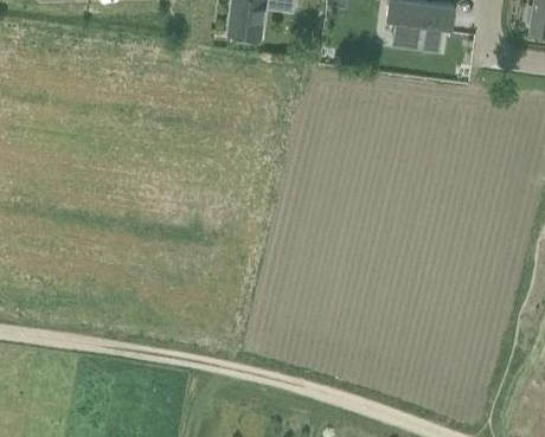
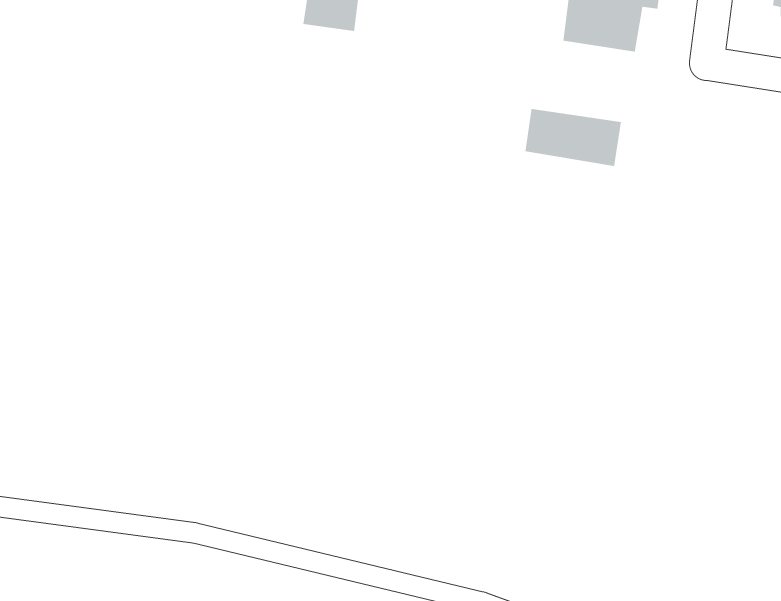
building: none -> [525,108,622,167]

